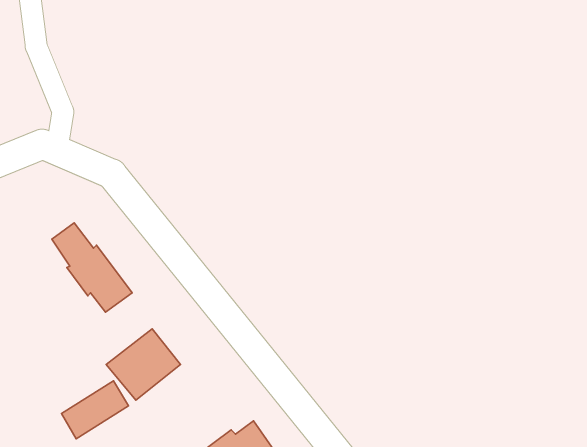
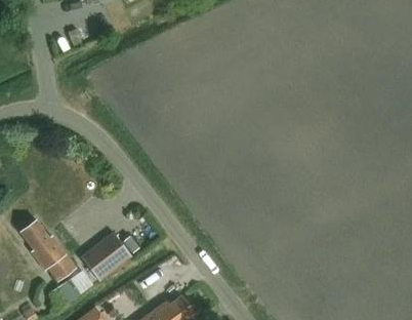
building: [52,223,132,312] -> [20,219,76,281]

